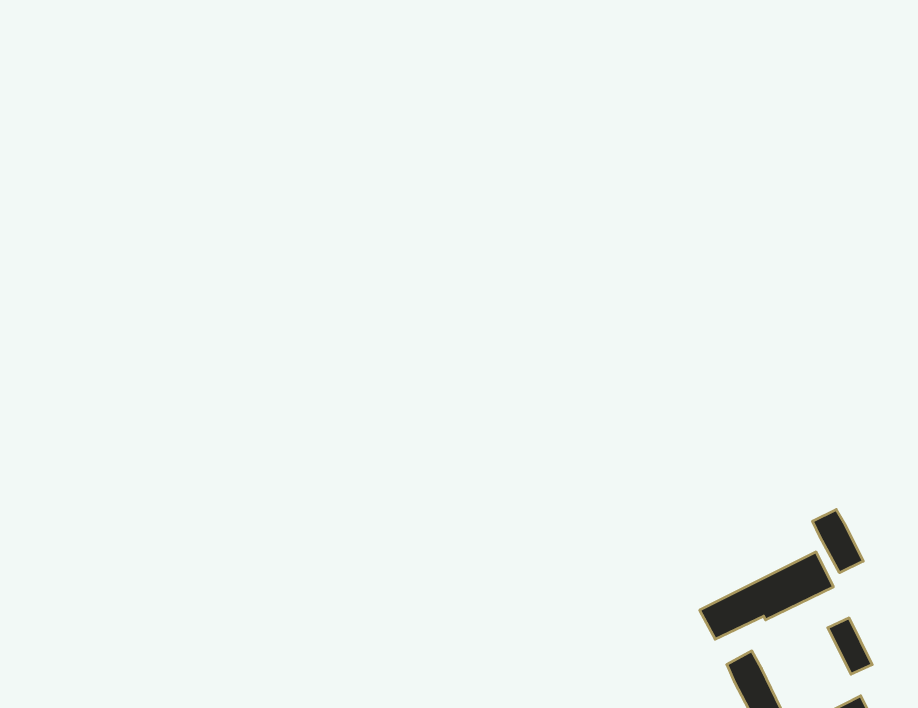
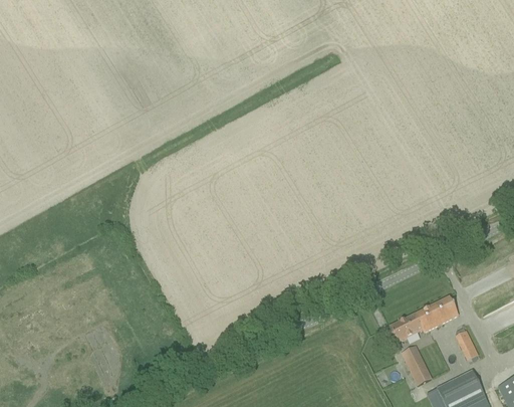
building: [813,509,863,573] -> none

